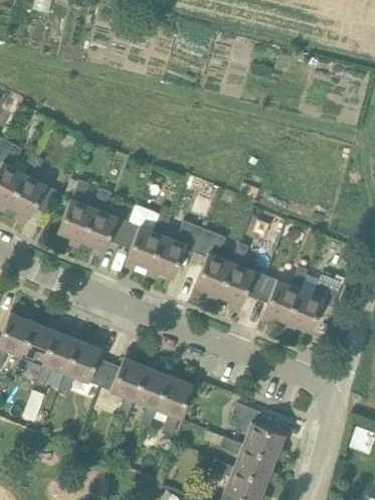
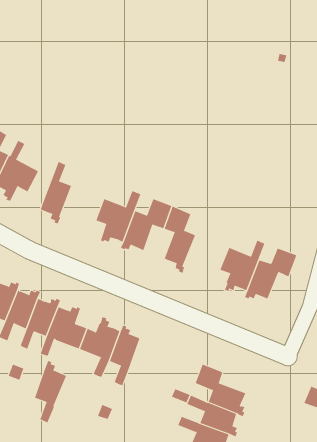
building: [80,189,129,259] -> none
building: [216,242,266,312] -> none
building: [157,368,193,438] -> [34,360,67,423]

